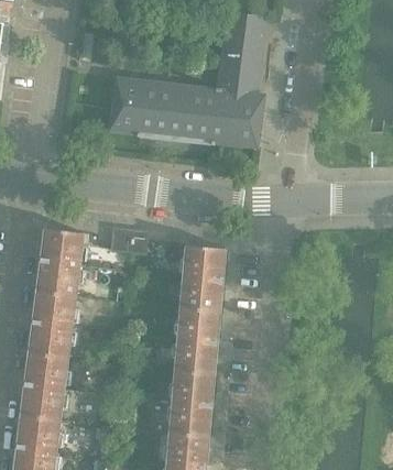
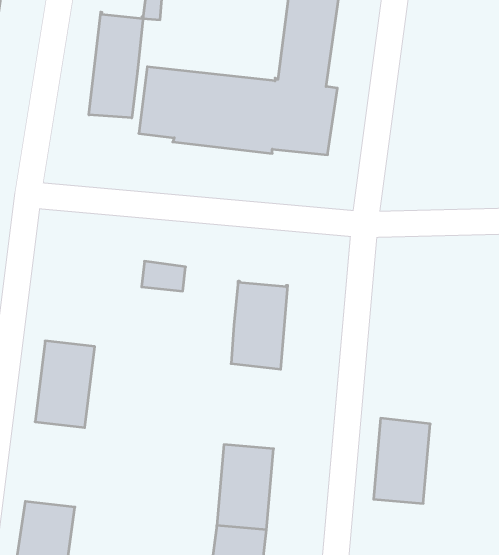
building: none -> [89,12,143,118]
building: [36,228,83,295] -> none
building: [175,308,219,374] -> [374,418,430,503]
building: [21,353,67,419] -> none

